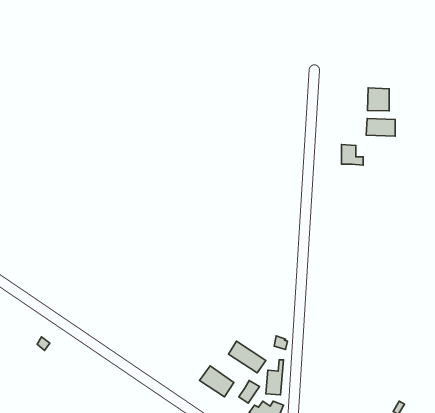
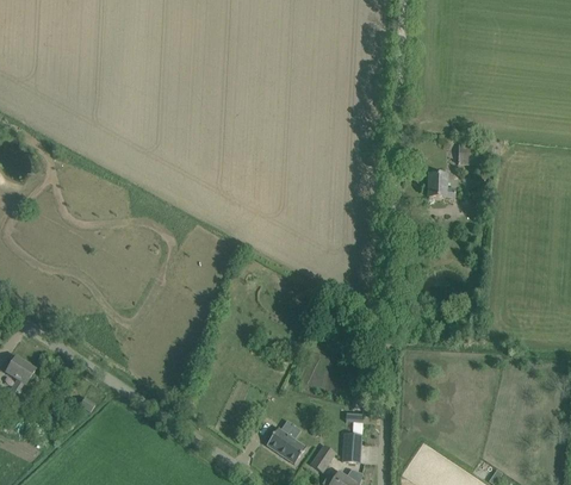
building: [367,88,389,111] -> none
building: [228,341,266,373] -> none

